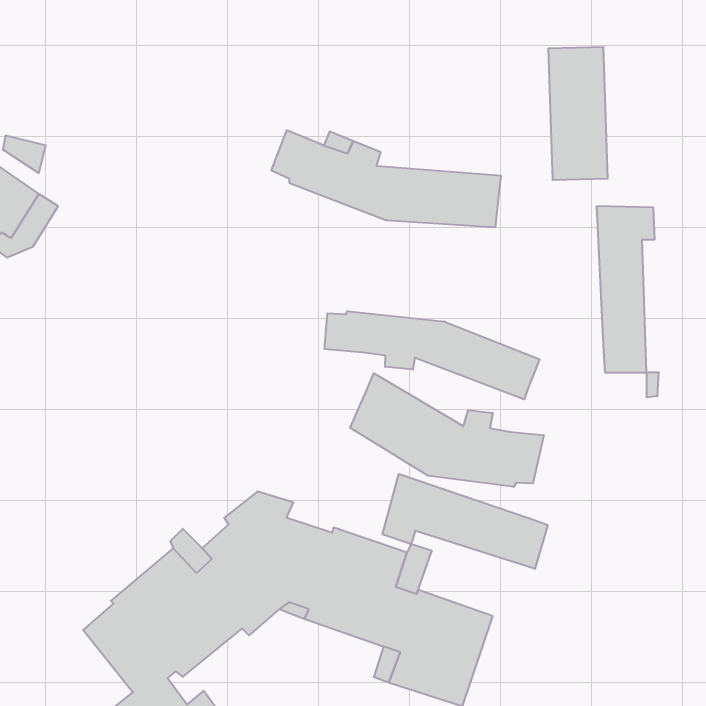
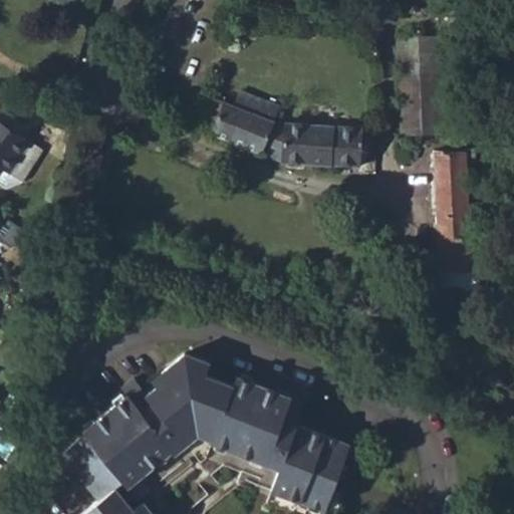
building: [325,311,540,399] -> none
building: [350,373,544,487] -> none
building: [383,474,548,569] -> none

